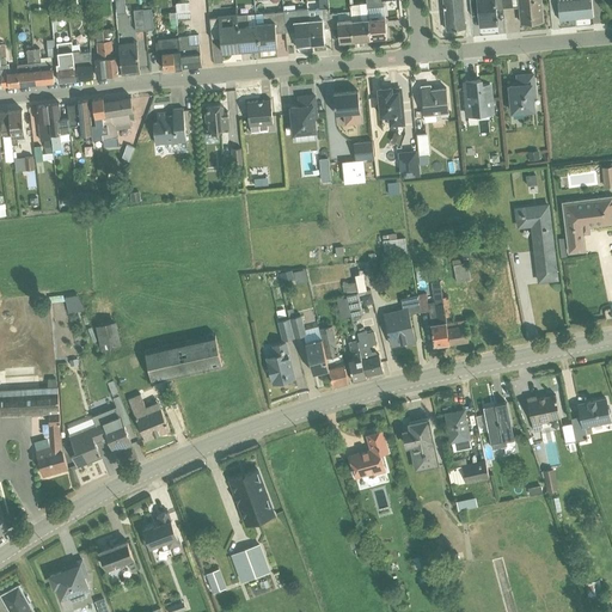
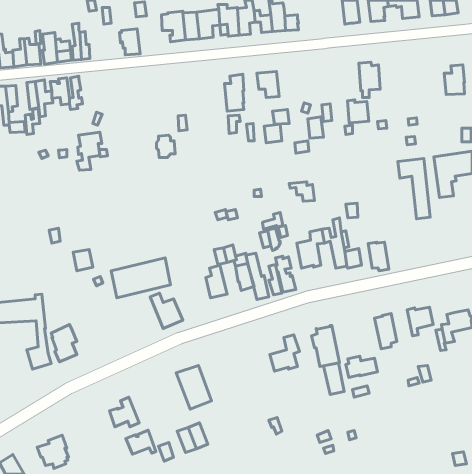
building: [177,35,200,69] -> none
building: [117,42,137,75] -> none
building: [507,75,533,114] -> [444,65,465,95]
building: [420,86,447,116] -> [347,100,369,123]
building: [377,88,402,128] -> none
building: [99,98,131,147] -> [77,132,102,170]
building: [245,100,271,127] -> none
building: [203,105,227,134] -> [157,135,175,158]
building: [152,109,184,146] -> none
building: none -> [368,242,389,271]
building: [127,394,169,440] -> [150,293,183,329]
building: [90,396,130,452] -> none
building: [443,411,470,452] -> [324,363,344,394]
building: [97,541,135,573] -> [126,430,156,454]

